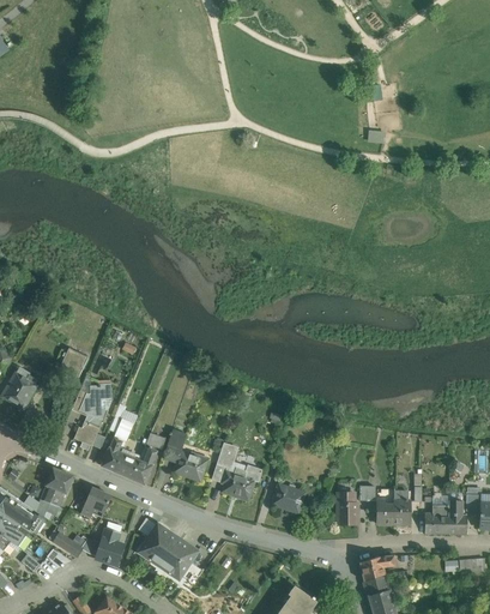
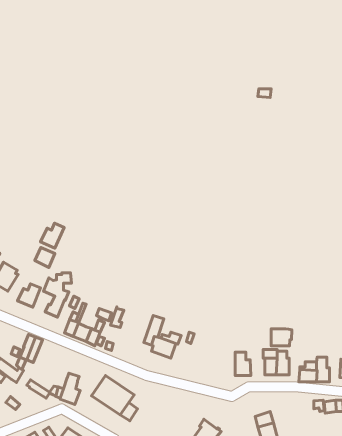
building: none -> [40,223,64,248]
building: none -> [18,284,41,307]
building: [174,451,204,480] -> none
building: none -> [271,329,292,346]
building: [272,483,302,512] -> none
building: [80,487,111,516] -> none
building: [359,554,395,580] -> none

